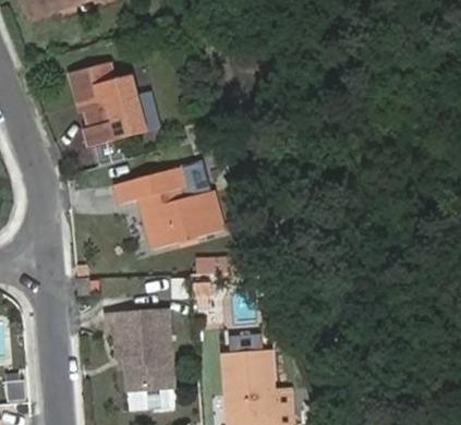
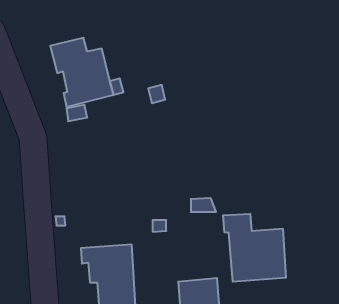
building: [114,167,222,248] -> none
building: none -> [223,214,286,282]

